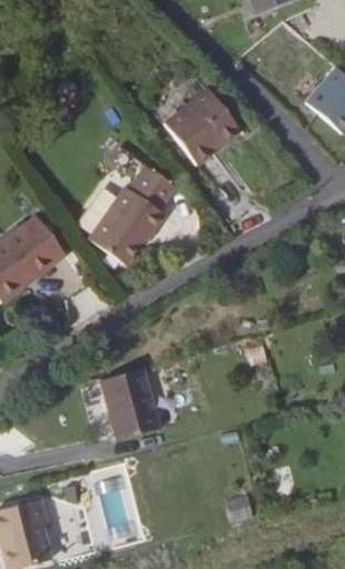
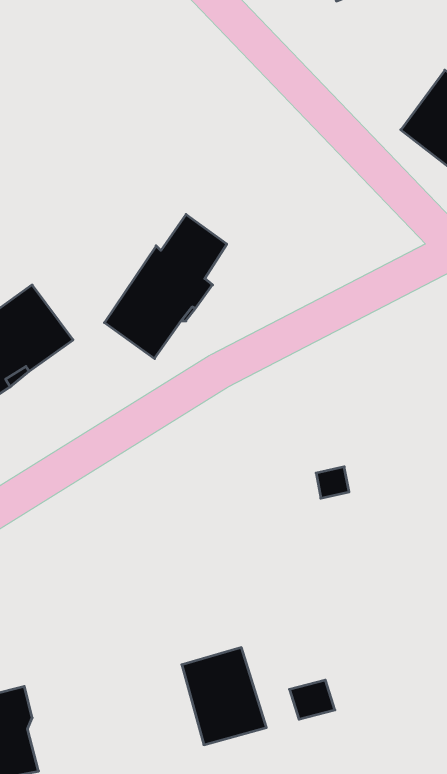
building: [169,83,245,159] -> none
building: [96,370,156,439] -> [182,648,266,745]

